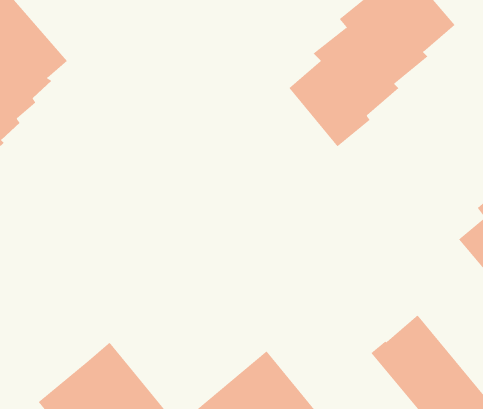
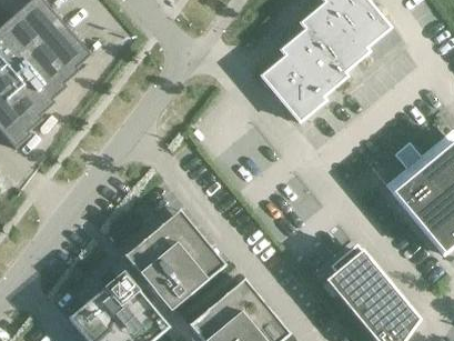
building: none -> [124,209,225,311]

